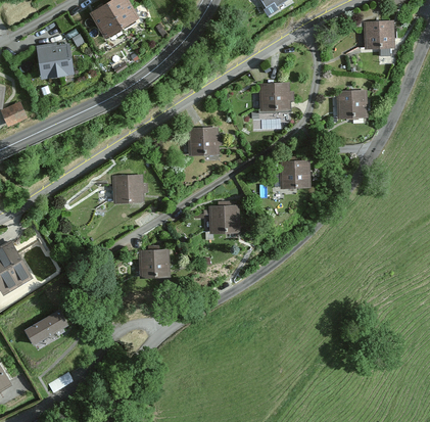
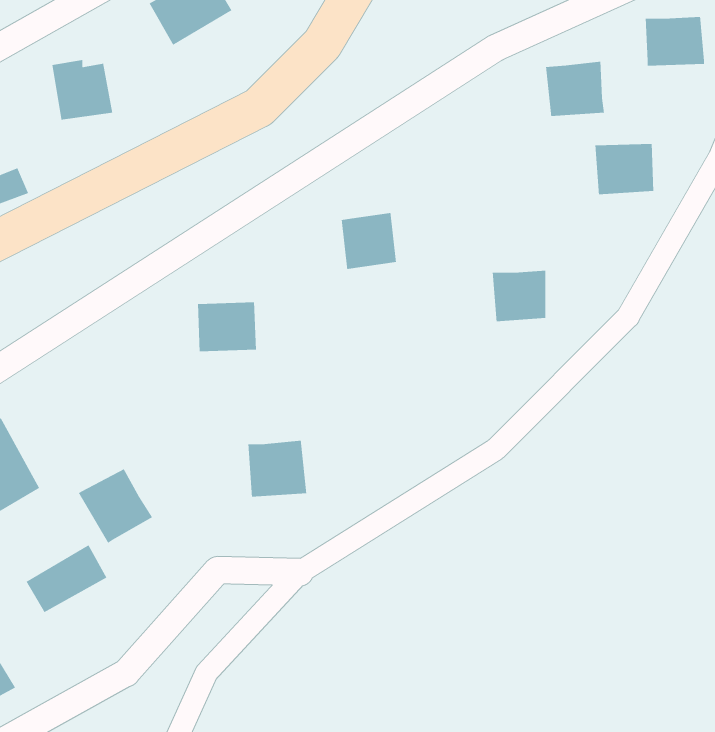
building: [260,82,293,112] -> [545,61,605,117]
building: [206,203,237,233] -> none
building: none -> [78,468,153,544]

